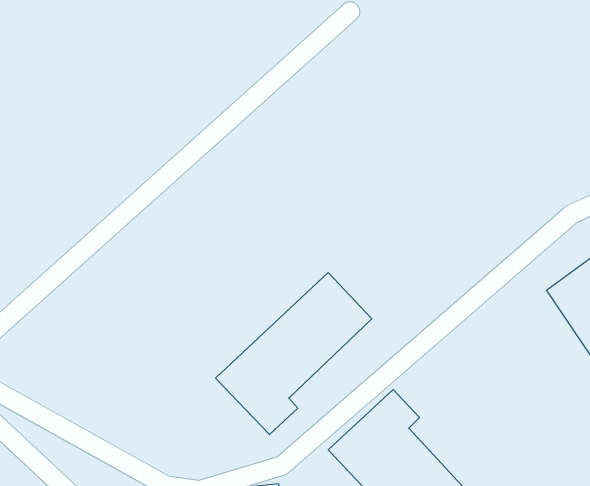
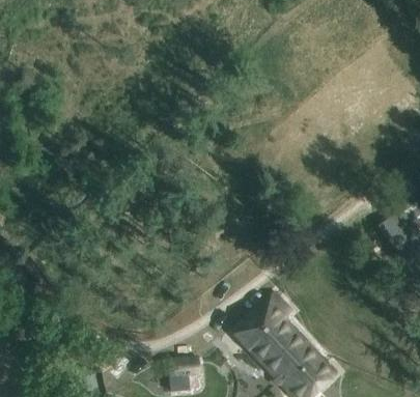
building: [216,273,372,435] -> none

